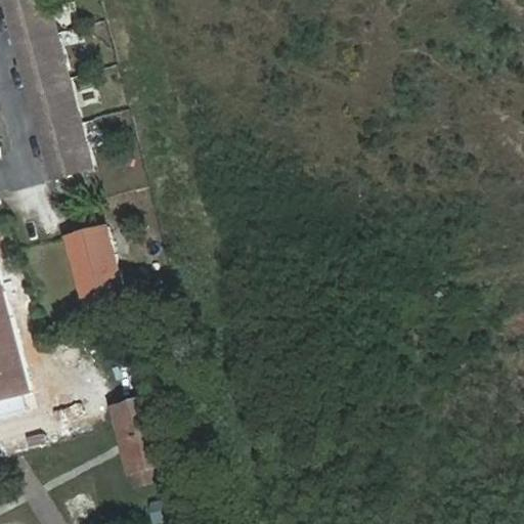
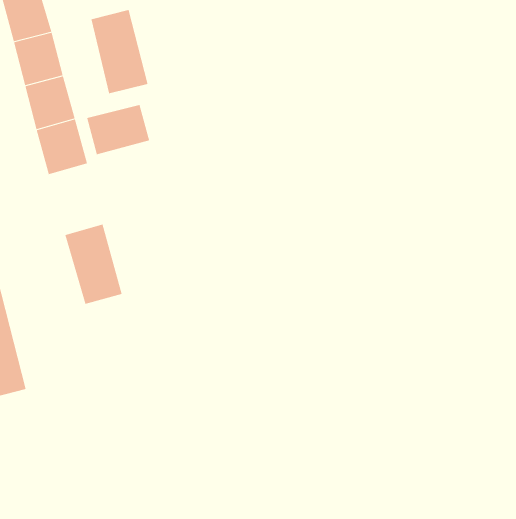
building: none -> [91,9,148,94]
building: none -> [87,104,150,155]
building: [111,394,167,483] -> none

